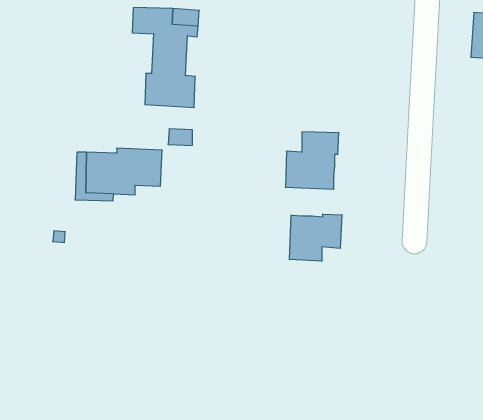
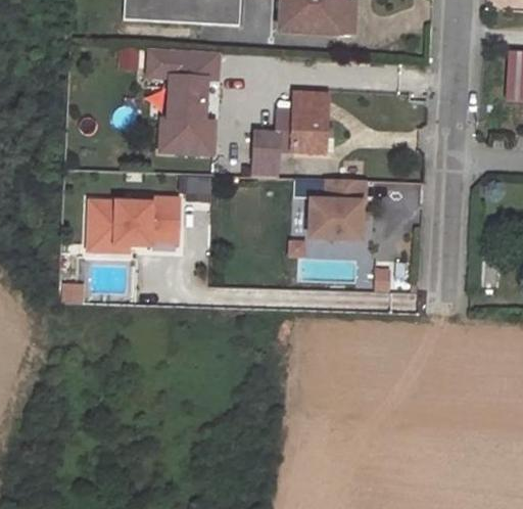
building: none -> [254,94,327,178]
building: [290,214,342,261] -> none

